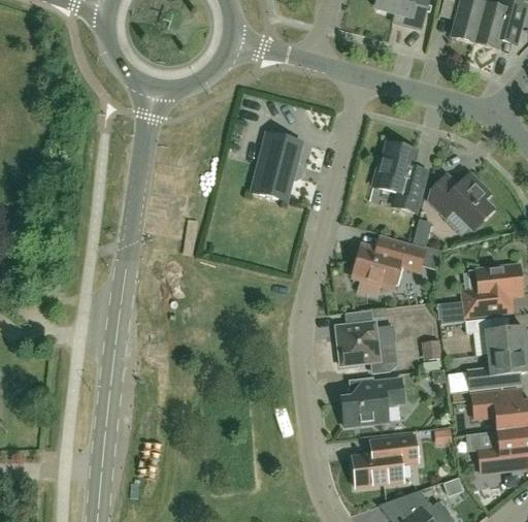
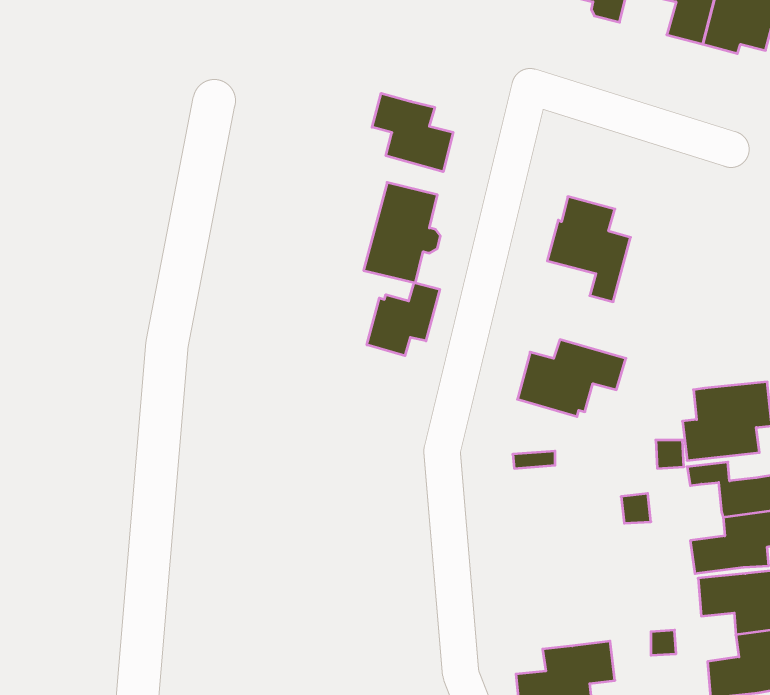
building: none -> [372,93,453,172]
building: [429,172,494,229] -> none
building: none -> [367,283,440,356]
building: [336,321,396,370] -> none
building: [341,376,404,426] -> none

